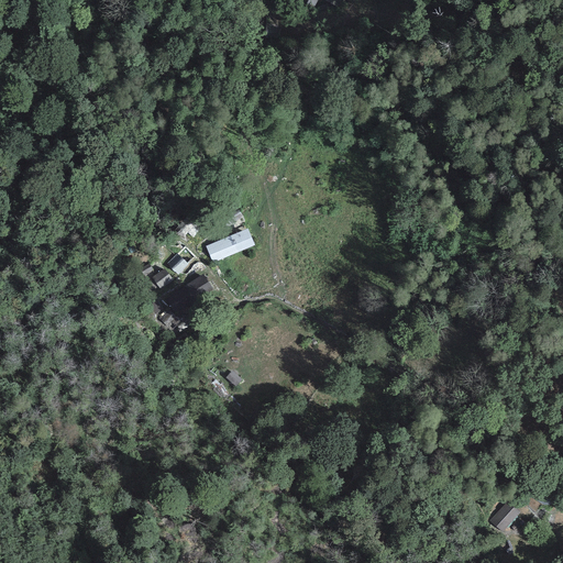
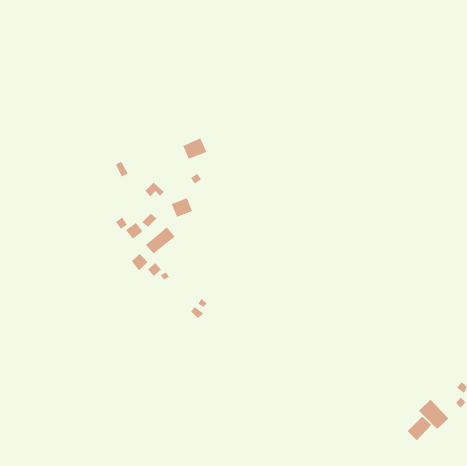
building: [225,228,255,254] -> [183,138,207,159]
building: none -> [418,399,449,430]

